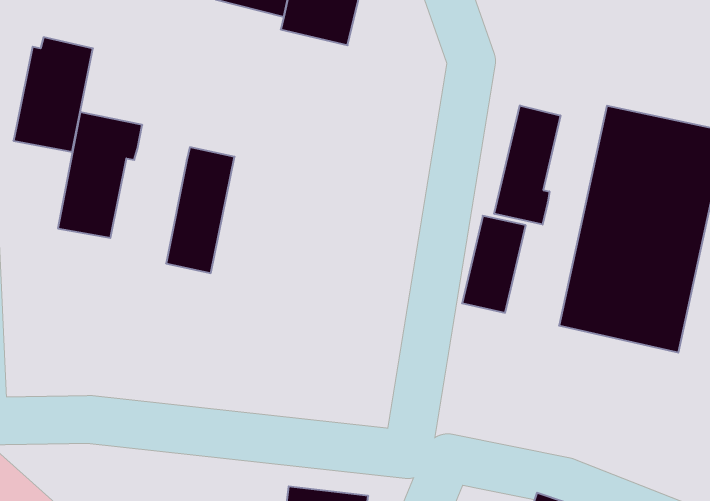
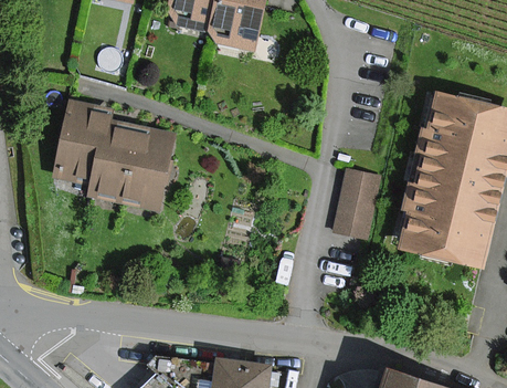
building: [13,37,93,152] -> [87,125,142,205]
building: [494,105,560,225] -> none

